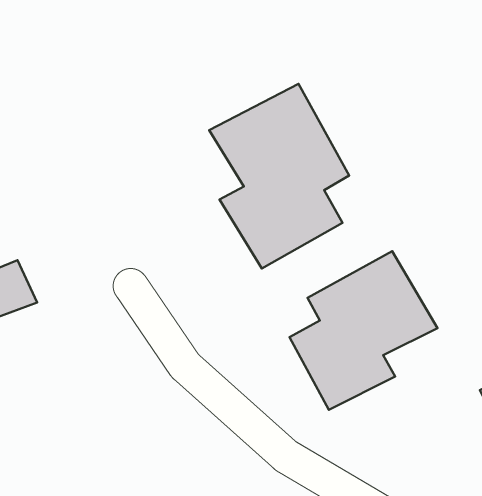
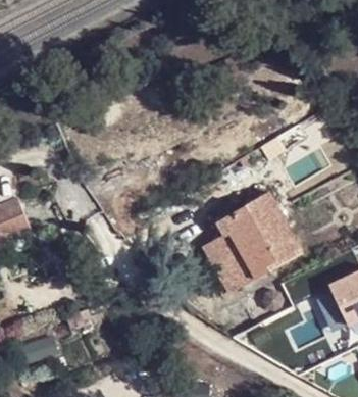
building: [209,84,349,268] -> none

